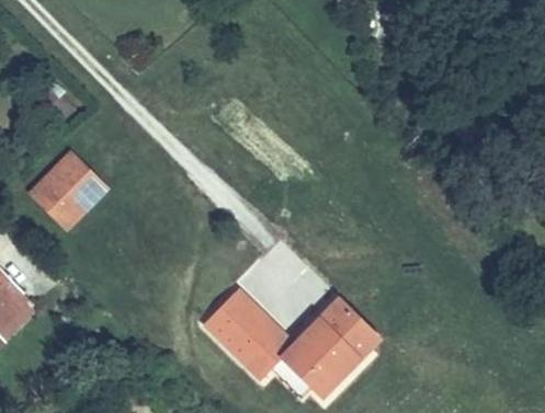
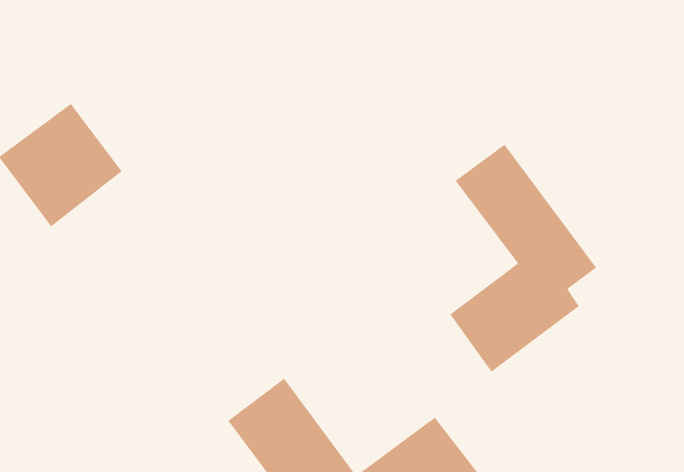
building: none -> [450,144,597,373]

